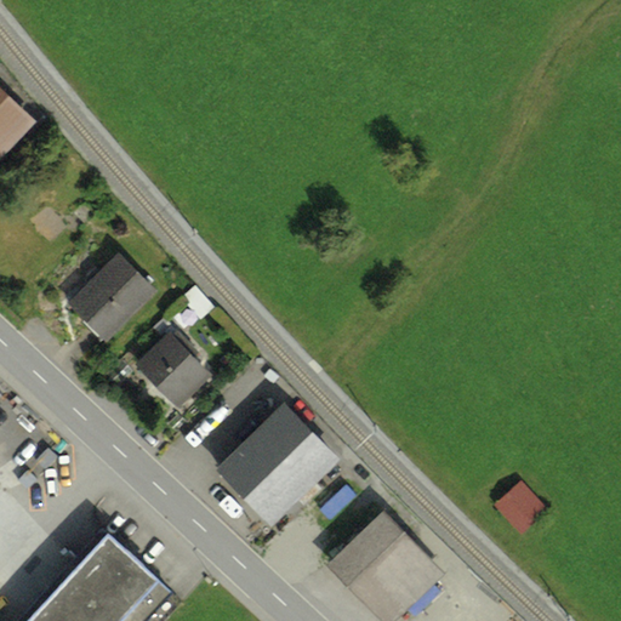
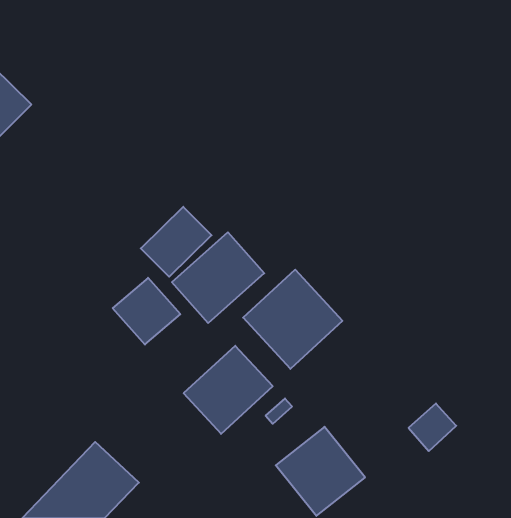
building: [68,258,153,342] -> [141,207,212,277]
building: none -> [172,232,264,323]
building: none -> [243,270,342,369]

